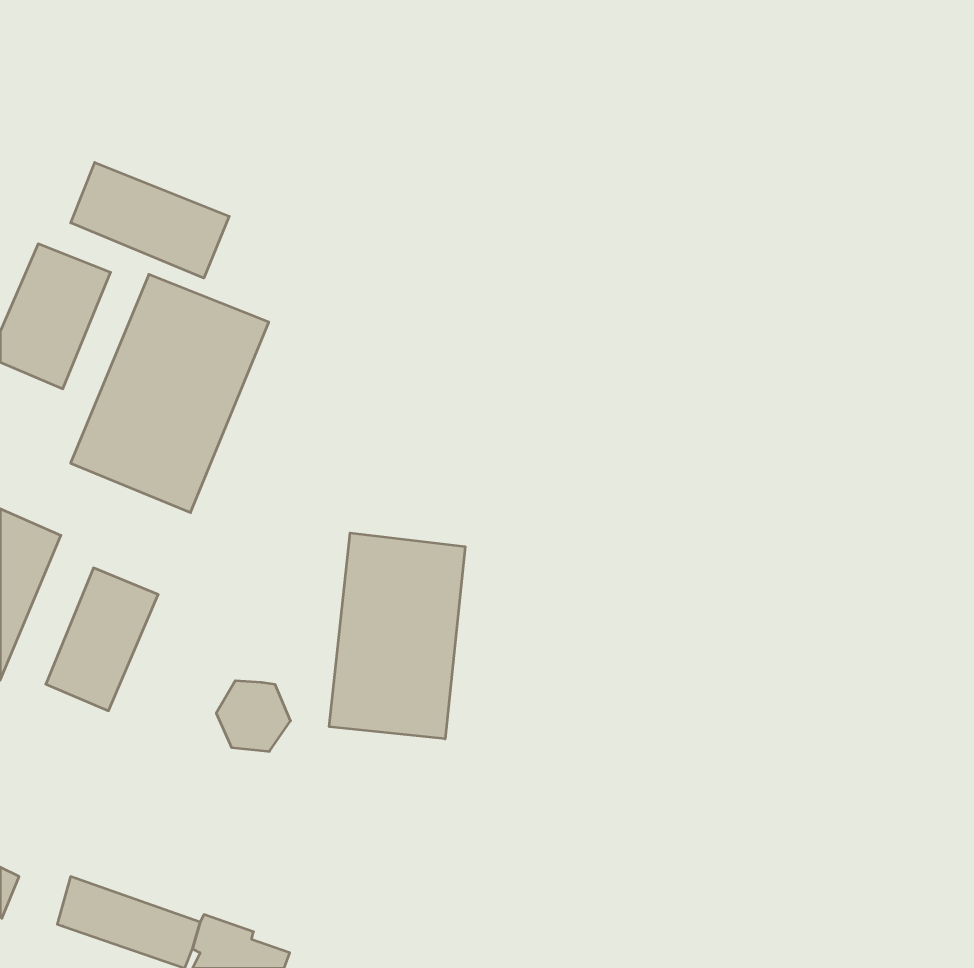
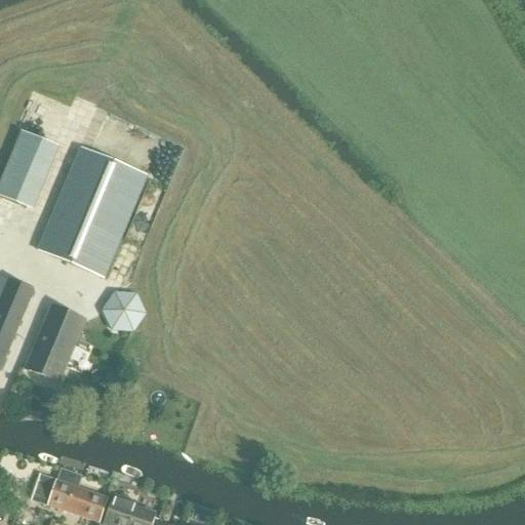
building: [71,162,229,278] -> none
building: [329,533,465,739] -> none
building: [216,681,291,751] -> [104,292,144,330]

